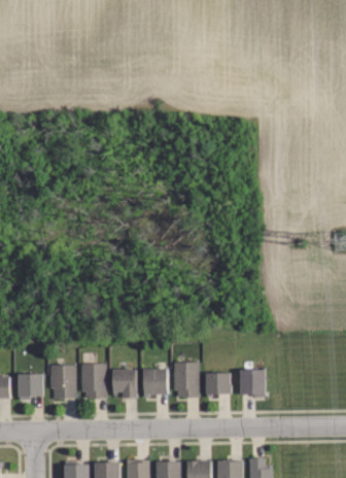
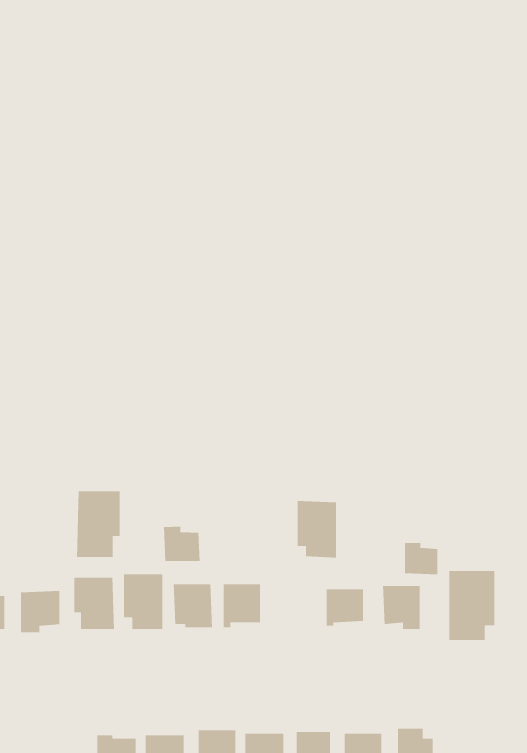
building: none -> [76,491,121,558]
building: none -> [163,526,200,562]
building: none -> [404,542,438,575]
building: none -> [449,570,495,641]
building: [174,362,199,398] -> [297,500,337,558]

